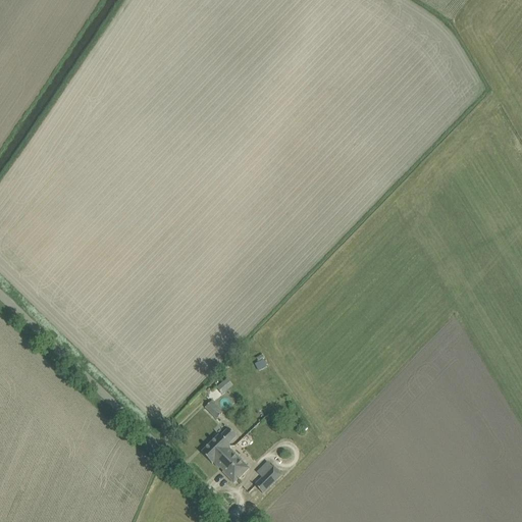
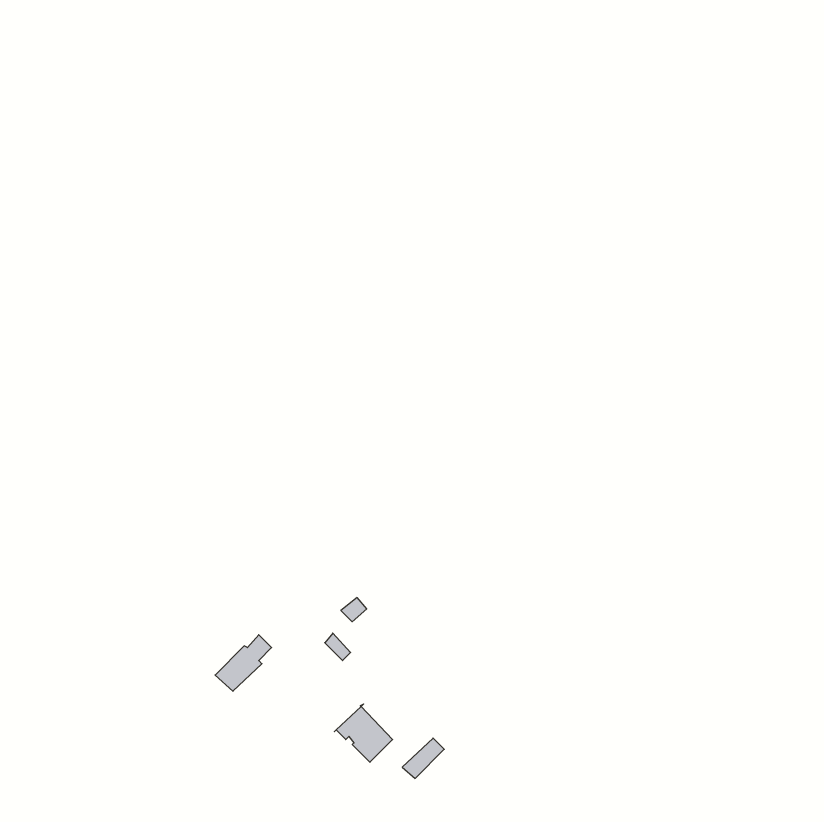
building: [200,426,236,462] -> [215,635,272,691]

